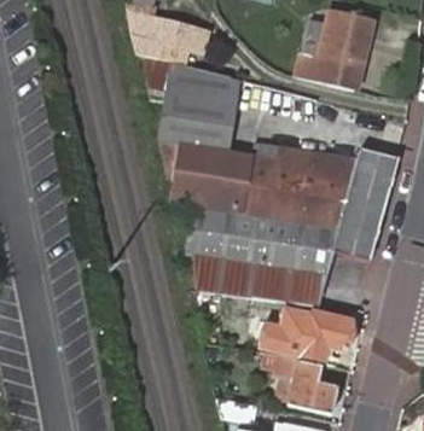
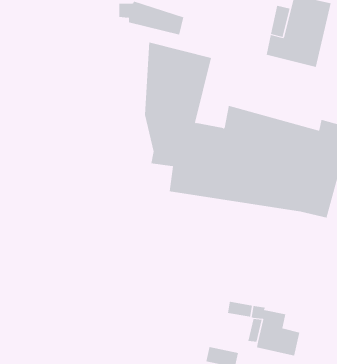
building: [191,229,338,308] -> none
building: [287,313,354,361] -> none

